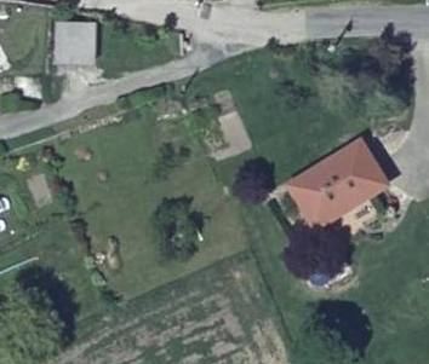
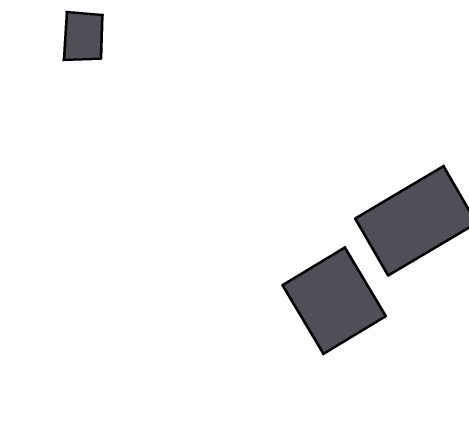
building: none -> [283,247,386,354]

